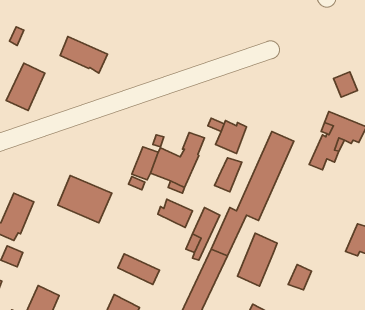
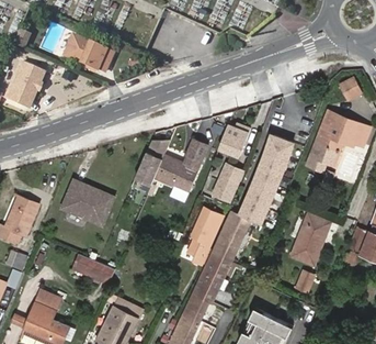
building: [158,199,192,227] -> none
building: [238,233,277,286] -> [290,213,330,266]
building: [118,254,160,285] -> [71,253,113,284]

